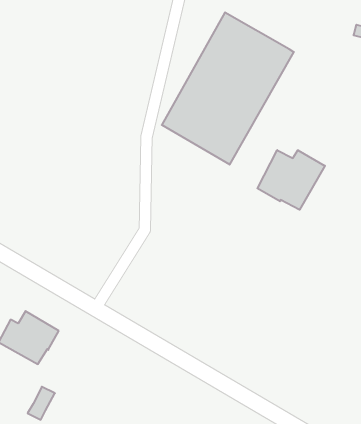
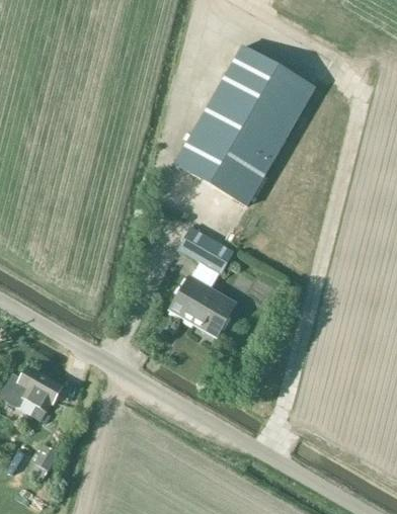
building: [257,150,325,210] -> none
building: none -> [170,226,236,331]

